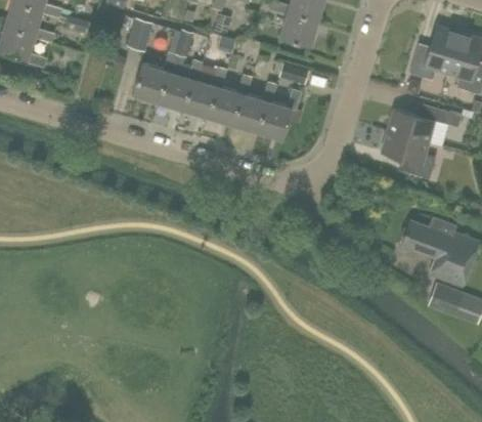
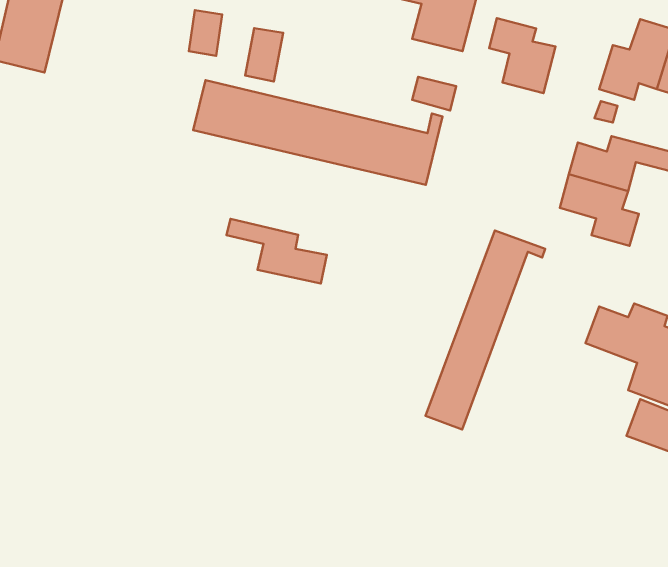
building: none -> [489,18,556,93]
building: none -> [226,219,327,284]
building: none -> [425,230,545,429]

